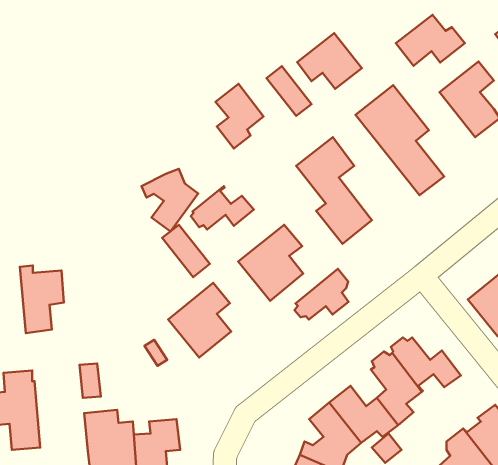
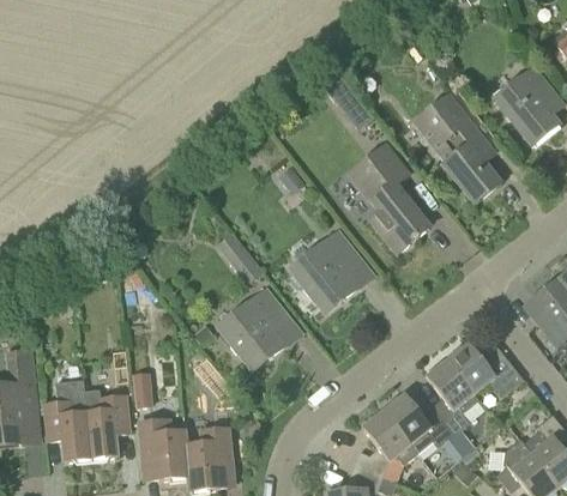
building: [396,15,465,66] -> none
building: [297,33,362,89] -> none
building: [216,84,264,148] -> none
building: [142,169,198,232] -> none
building: [191,186,254,229] -> none
building: [20,266,64,333] -> [88,389,132,458]
building: [294,269,348,320] -> none

